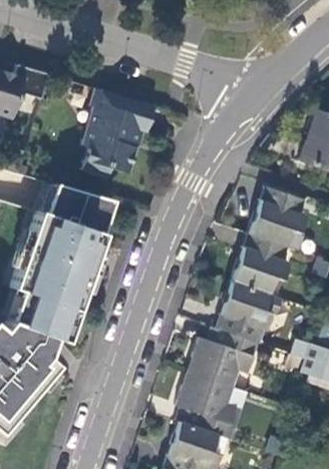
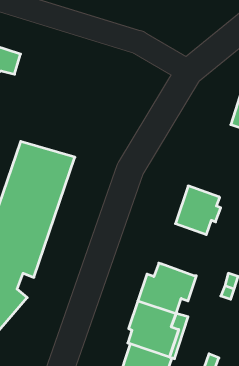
building: [82,89,154,178] -> none
building: [249,187,305,247] -> none
building: [217,279,283,341] -> none

